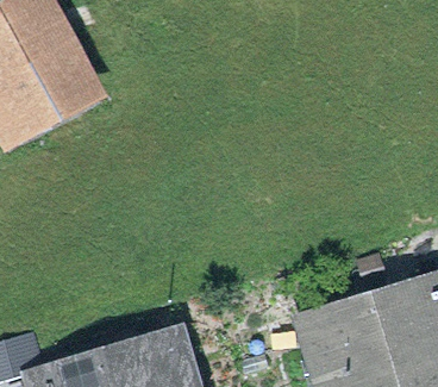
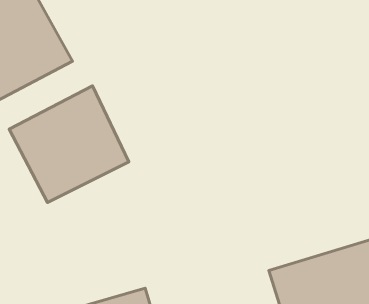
building: none -> [9,86,129,203]

